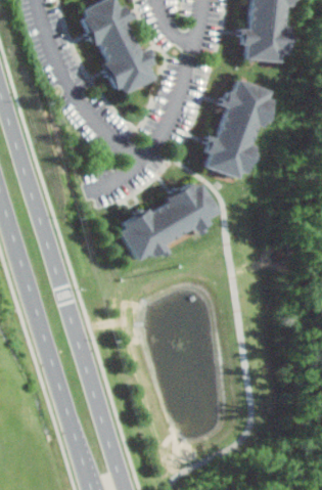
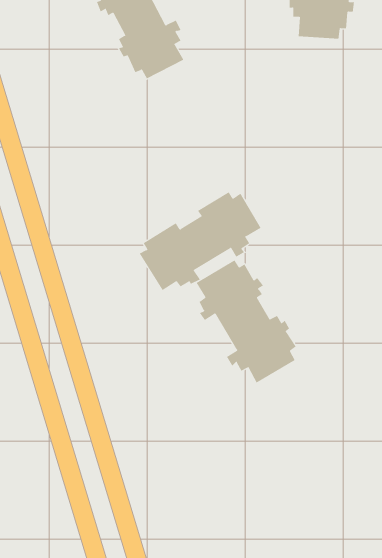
building: [205,80,273,178] -> none
building: none -> [196,259,297,384]

